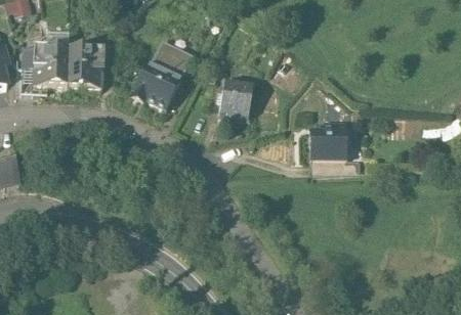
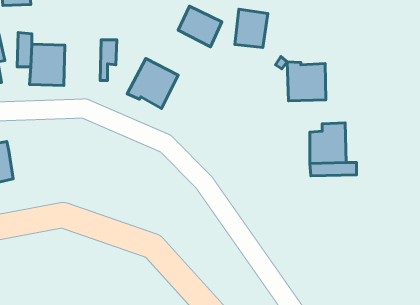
building: [149,38,192,78] -> [178,6,222,47]
building: [68,48,102,89] -> none
building: none -> [287,62,326,101]
building: [218,80,251,118] -> [235,9,268,48]

